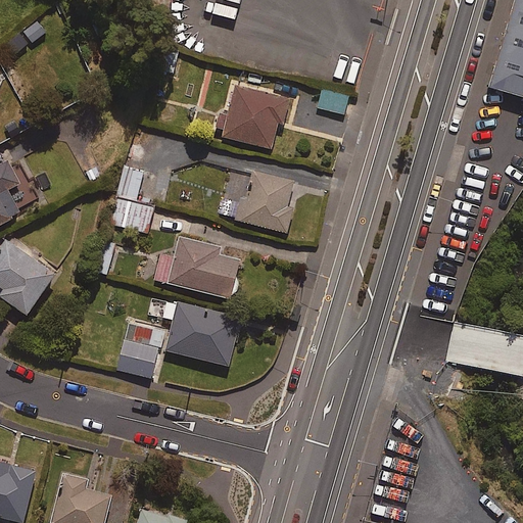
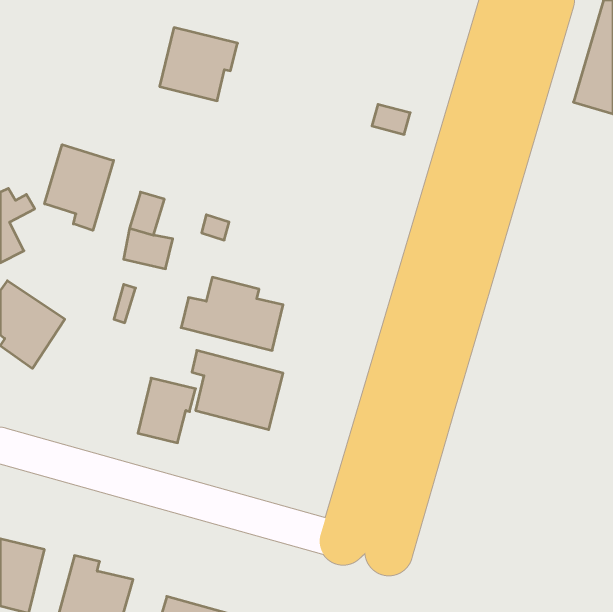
building: [224,87,290,149] -> [160,28,238,101]
building: none -> [45,145,114,230]
building: [220,173,294,233] -> none

